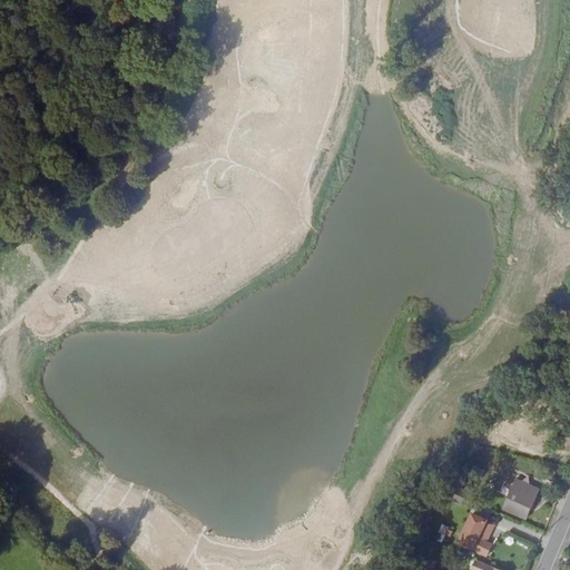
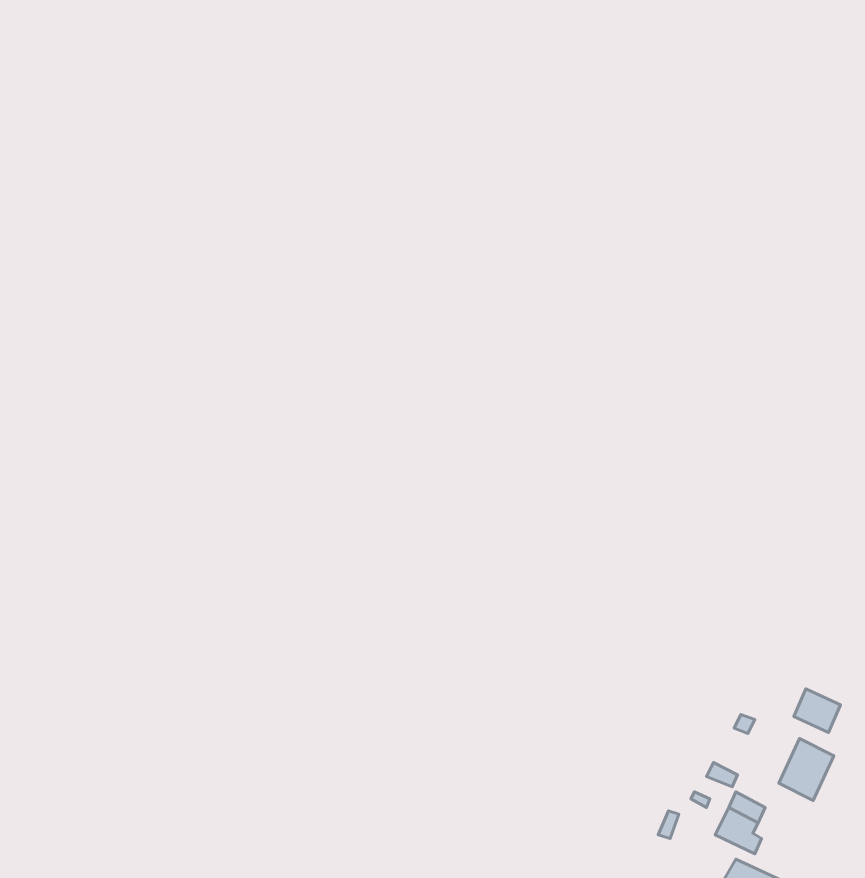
building: none -> [794,689,840,732]

